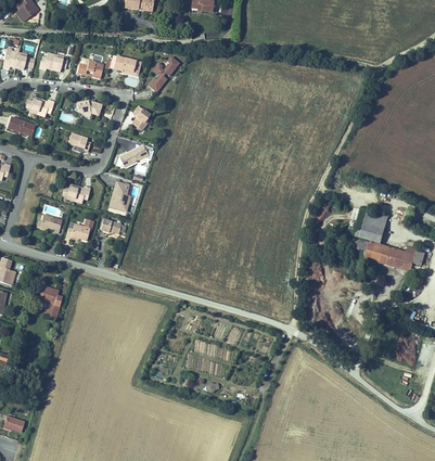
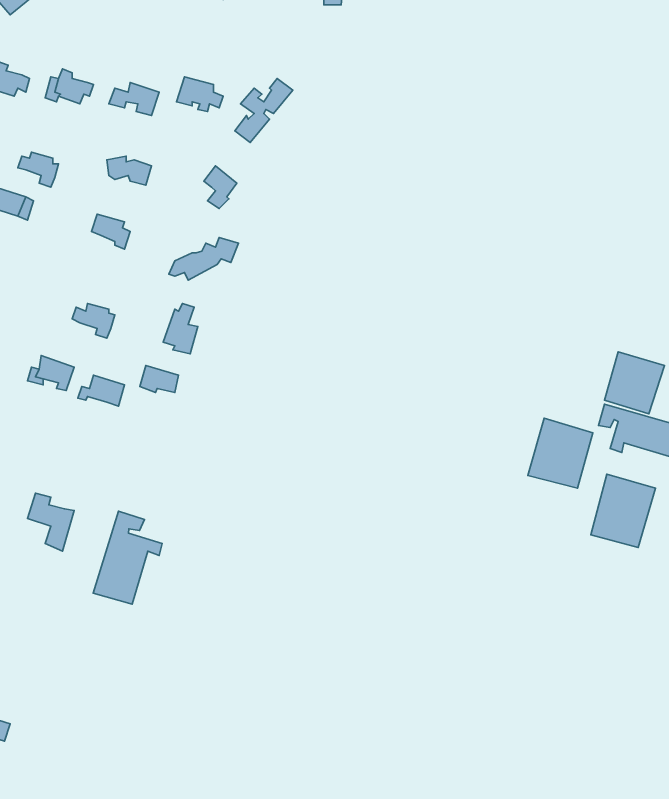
building: none -> [528,418,593,488]
building: none -> [591,474,656,547]
building: none -> [93,511,162,604]

